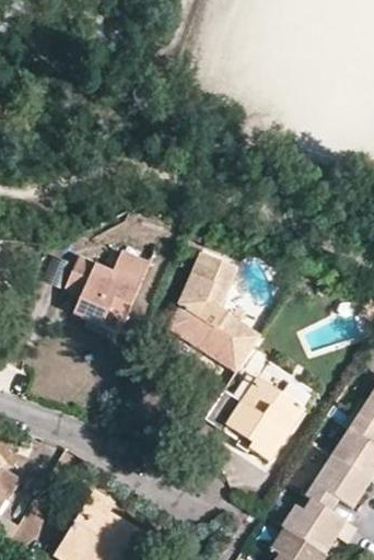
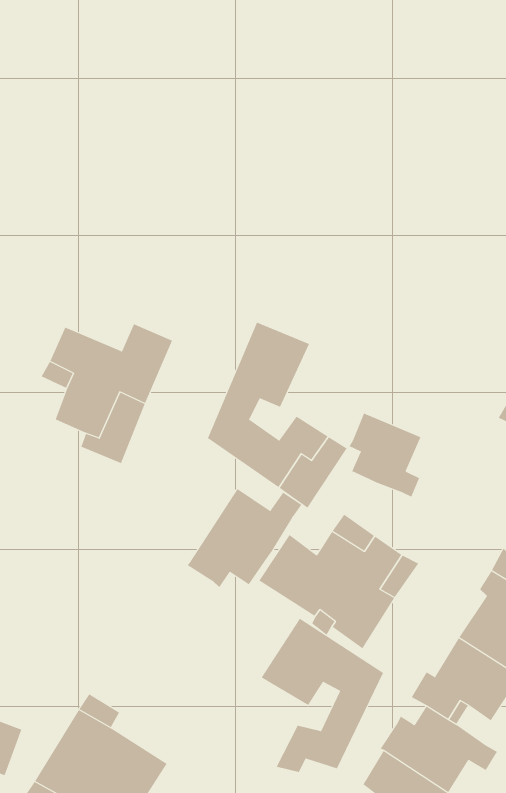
building: none -> [349,412,421,498]
building: none -> [187,488,302,588]
building: none -> [261,618,384,773]

